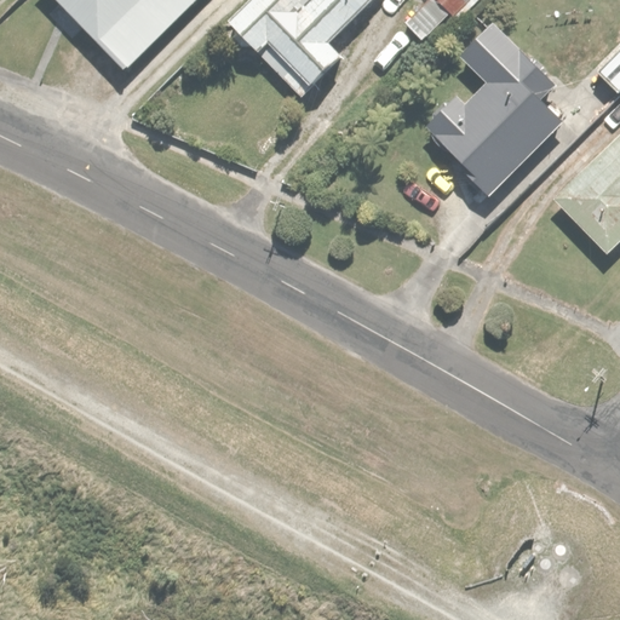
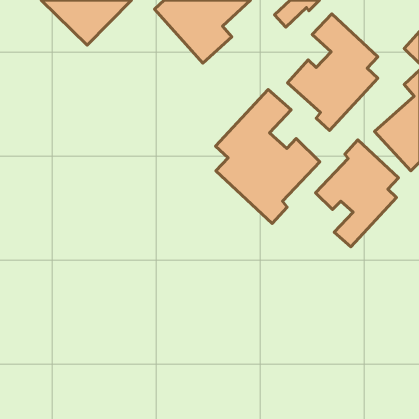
building: none -> [216,90,320,224]
building: none -> [315,140,398,247]

